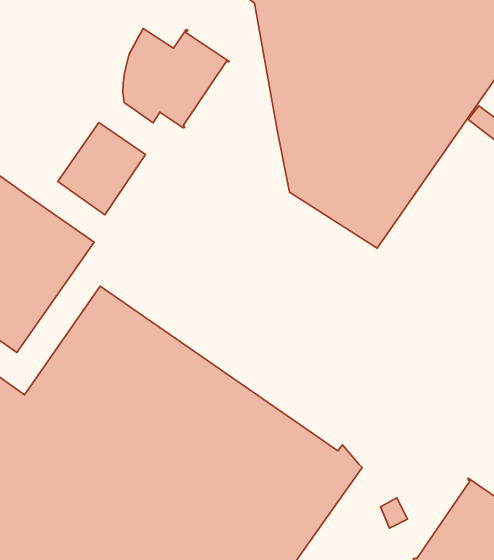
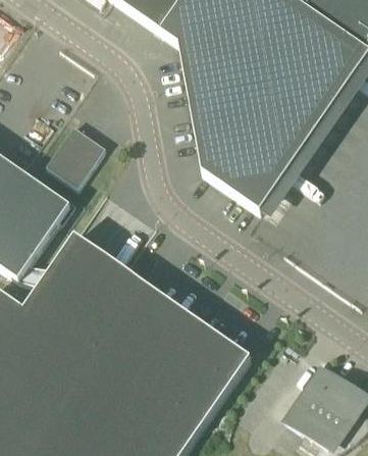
building: [123,28,229,128] -> none

